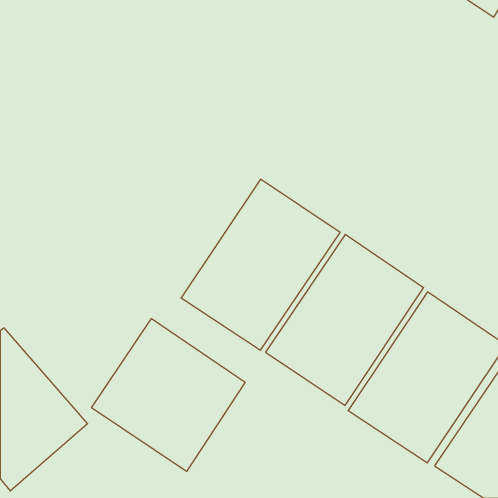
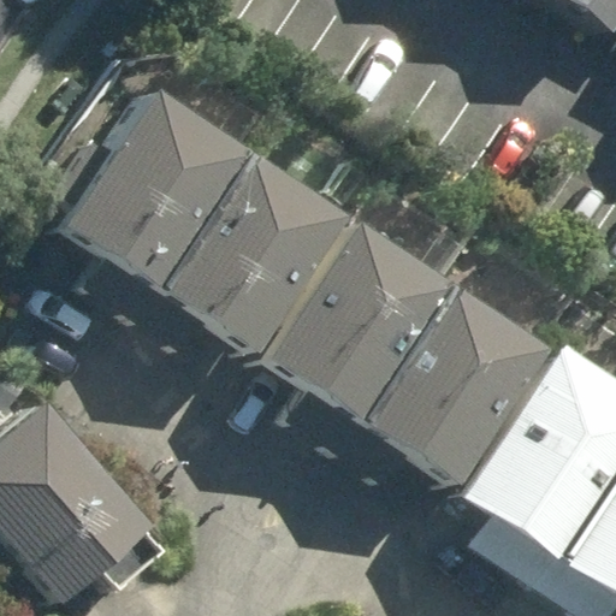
building: none -> [31,81,220,284]
building: none -> [131,146,320,350]
building: [92,319,245,471] -> none

